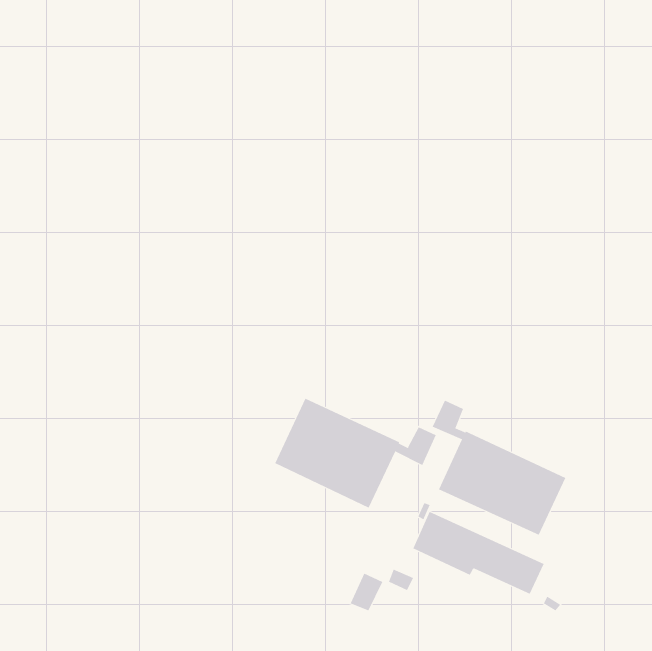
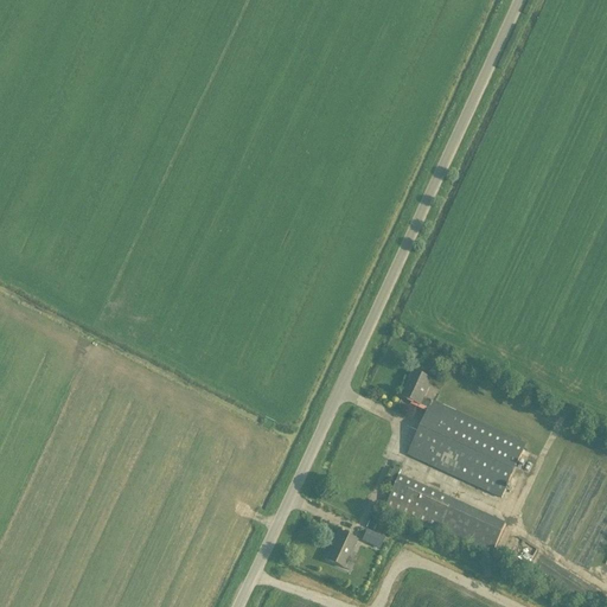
building: [274,398,437,509] -> none

